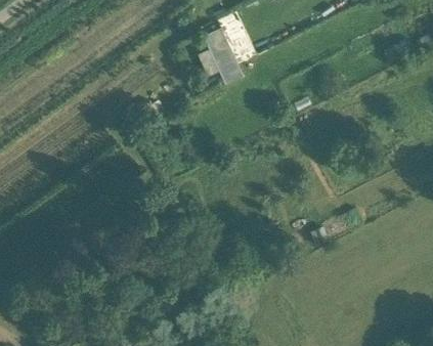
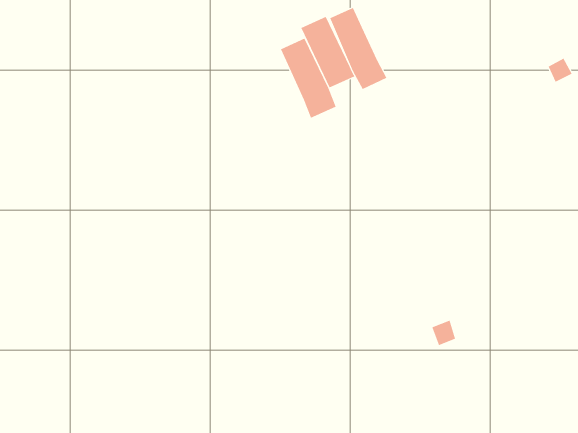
building: none -> [329,7,387,90]

